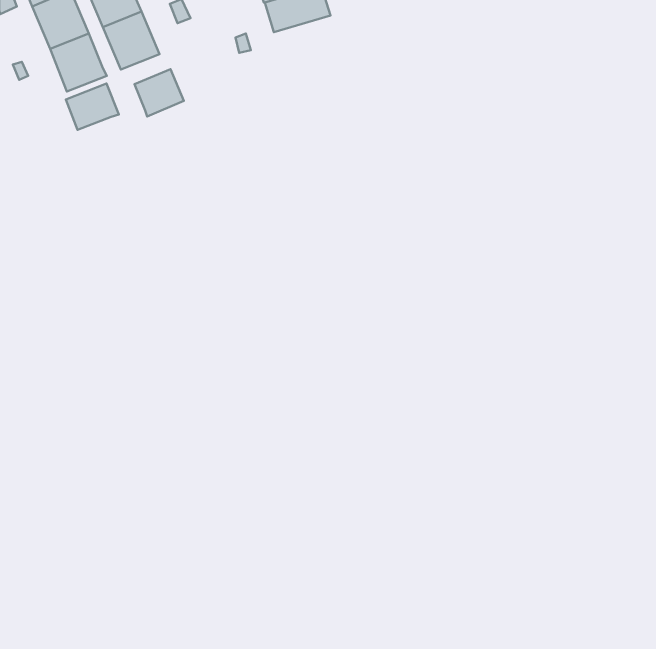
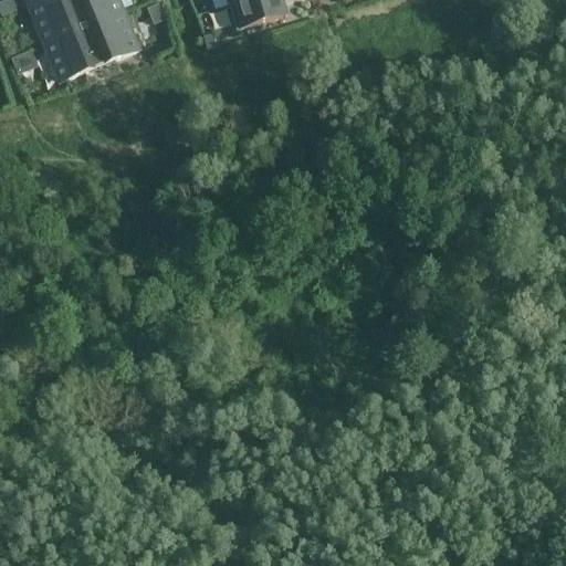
building: [135,69,184,117] -> none
building: [66,84,119,130] -> none

